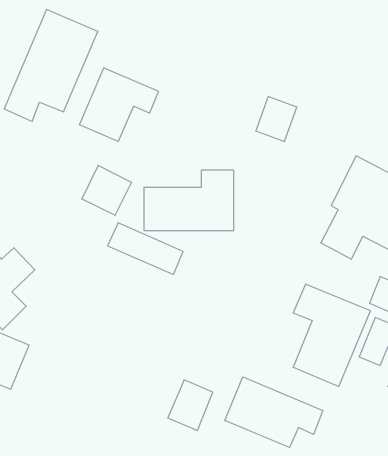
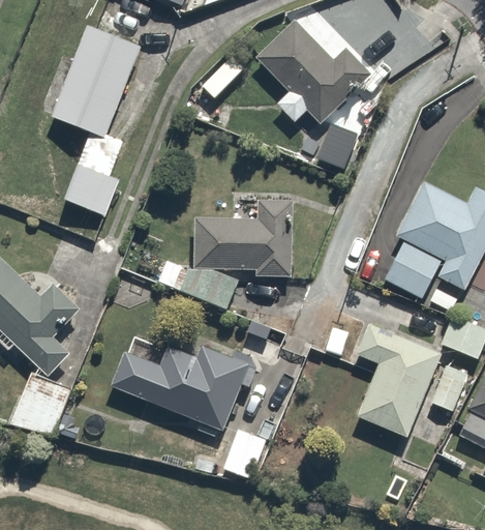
building: none -> [256,23,371,122]
building: [80,68,159,141] -> none
building: [82,165,132,215] -> [67,164,121,217]
building: none -> [113,344,249,430]
building: [225,377,323,447] -> none

